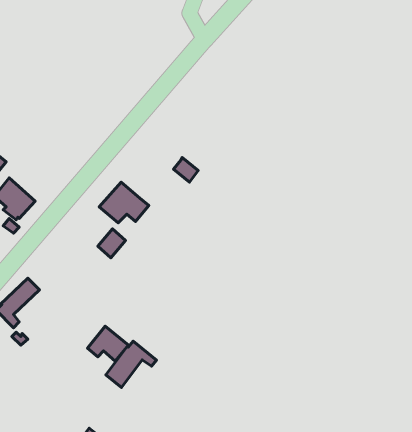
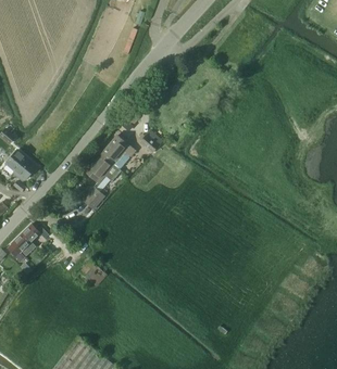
building: none -> [101,135,130,169]
building: [106,341,157,387] -> none

